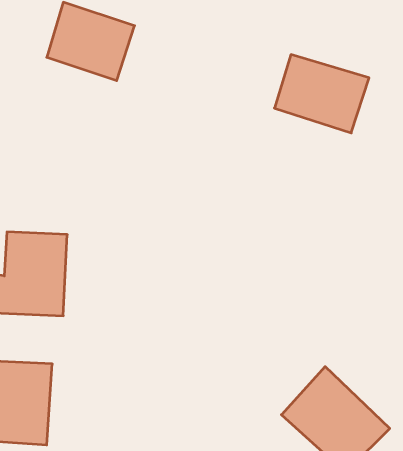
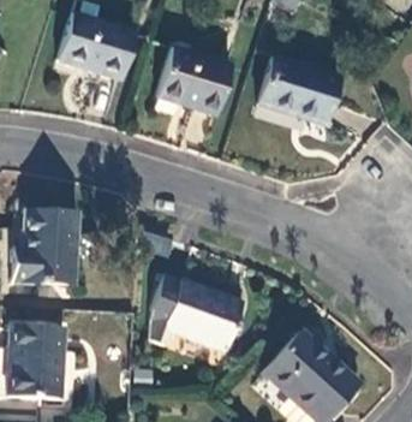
building: none -> [159,46,233,114]
building: none -> [154,273,244,350]

